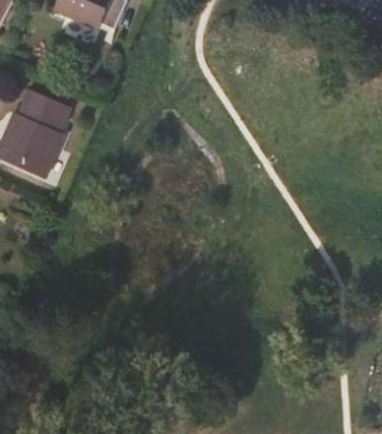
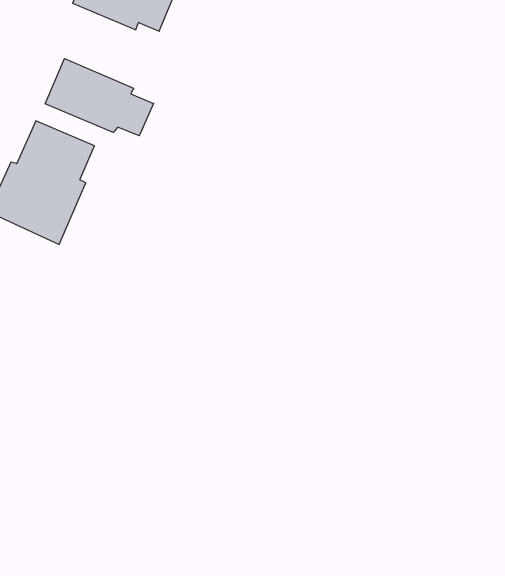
building: none -> [45,59,154,136]

